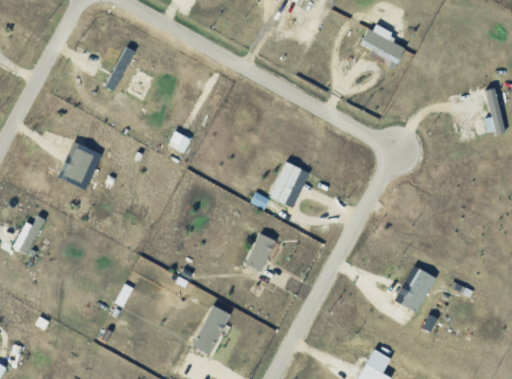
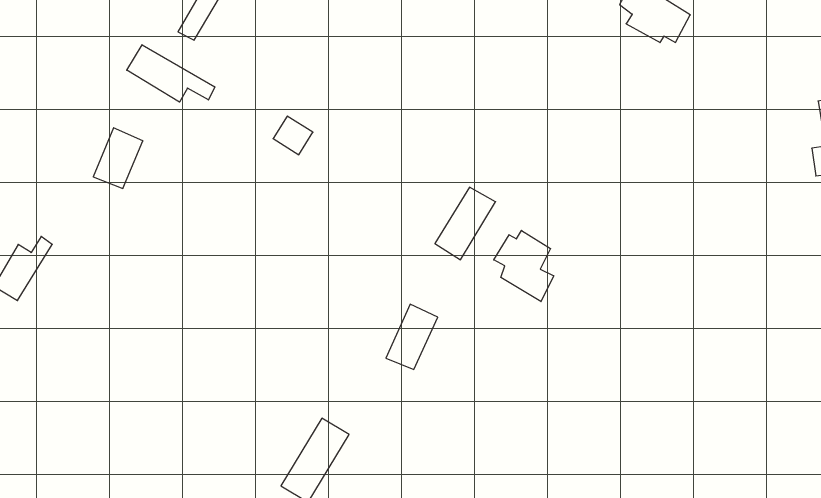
building: none -> [127,45,215,102]
building: none -> [494,230,554,302]
building: [402,269,437,313] -> none

